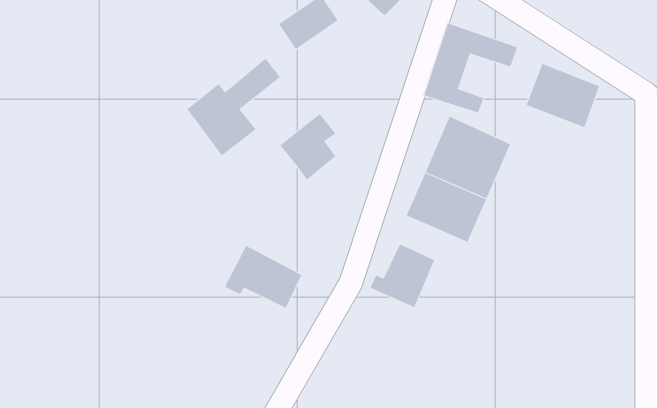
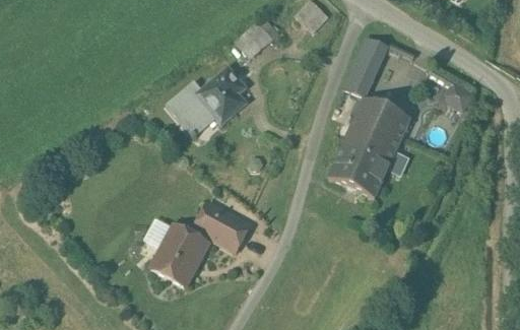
building: [280,113,336,180] -> [203,75,246,126]
building: [370,243,435,308] -> none
building: none -> [153,225,209,286]

